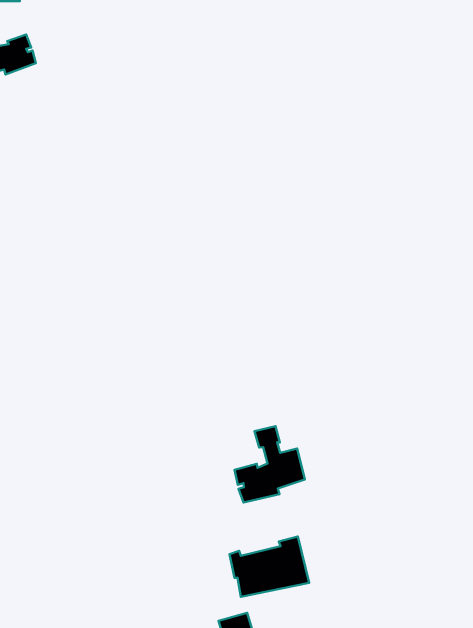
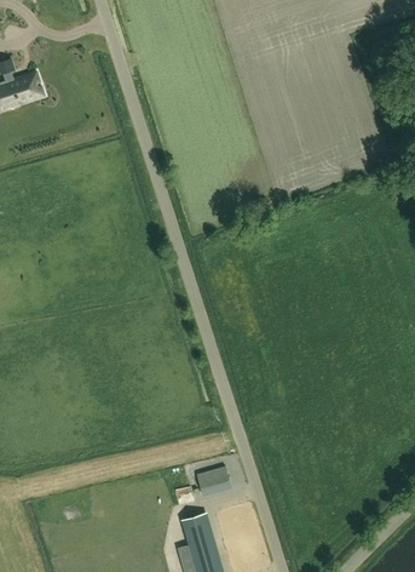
building: [235,426,305,503] -> none

